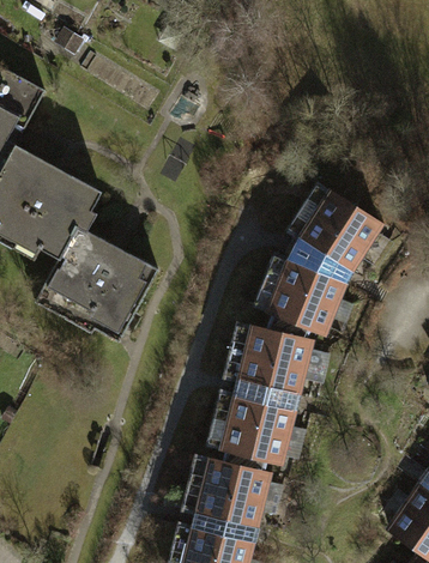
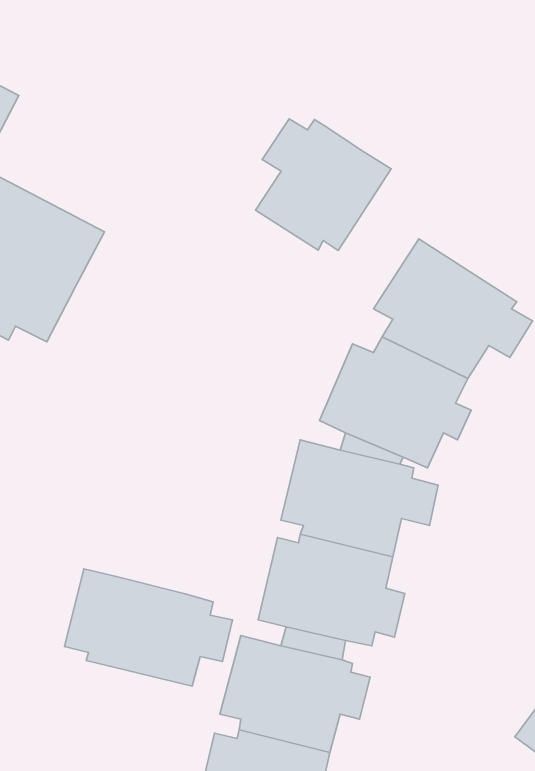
building: none -> [256,119,391,251]
building: [41,222,162,337] -> none
building: none -> [64,569,233,686]

